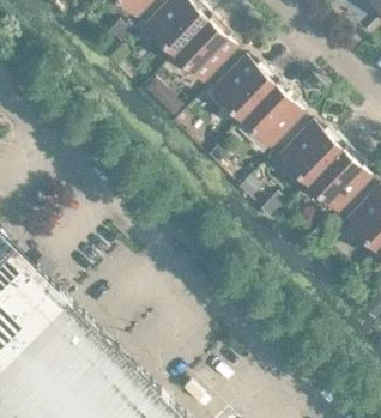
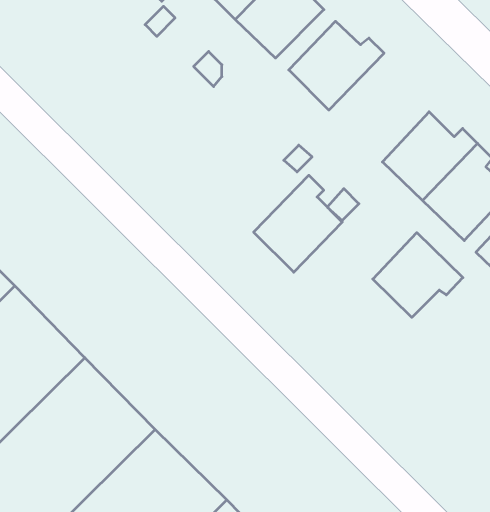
building: [240,80,303,150] -> [254,175,342,272]
building: none -> [373,233,463,317]

